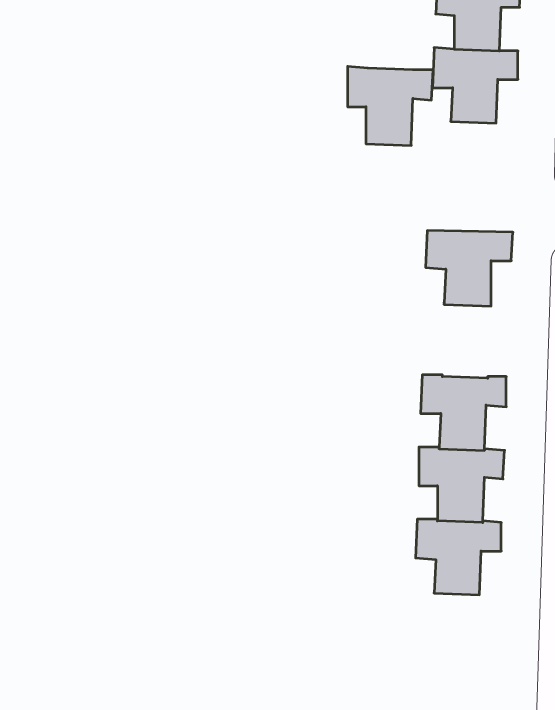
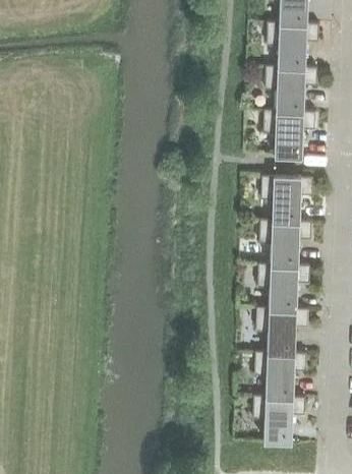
building: [348,66,433,145] -> [263,112,315,160]
building: none -> [259,222,311,269]
building: none -> [252,398,305,445]

